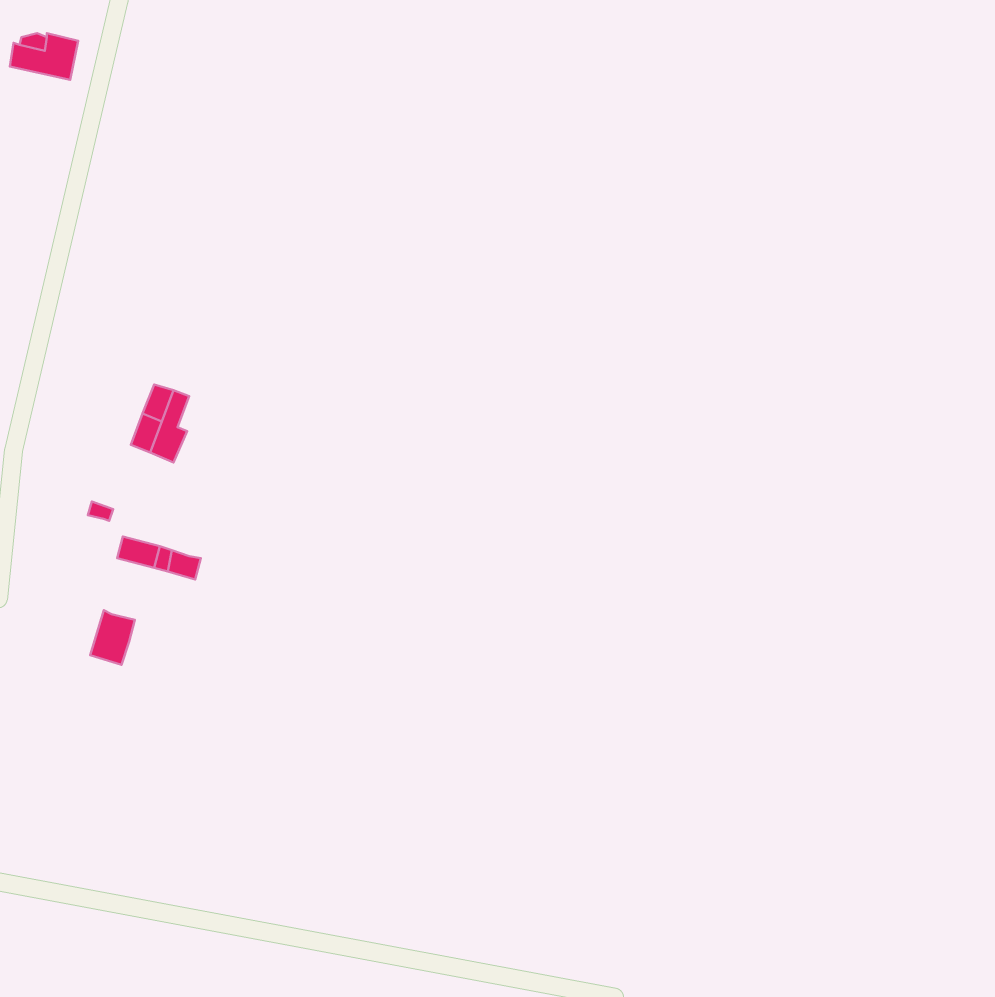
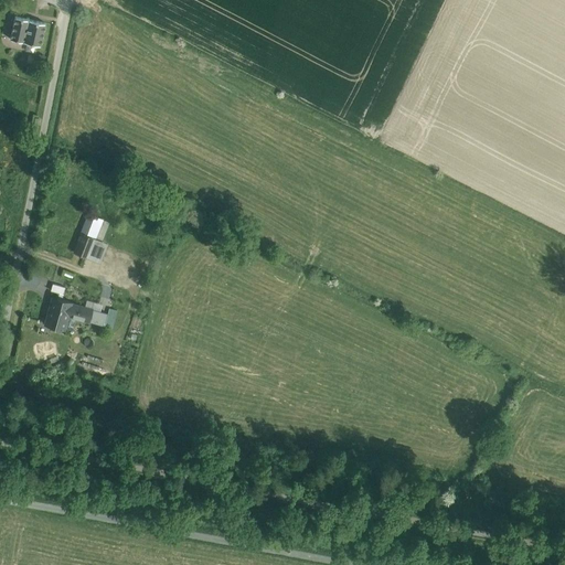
building: [90,610,135,665] -> [44,298,70,329]

